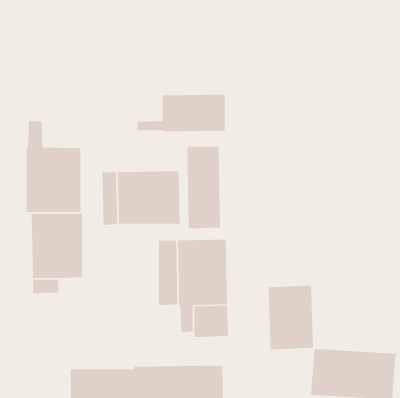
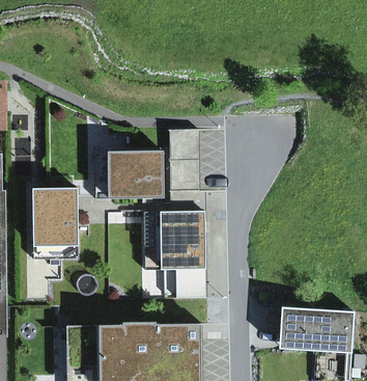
building: [136,94,226,132] -> none
building: [26,120,81,213] -> none
building: [268,285,314,350] -> none

